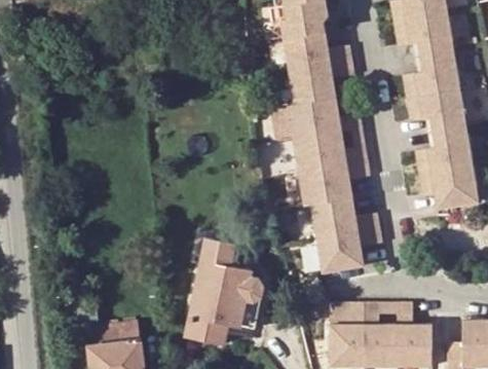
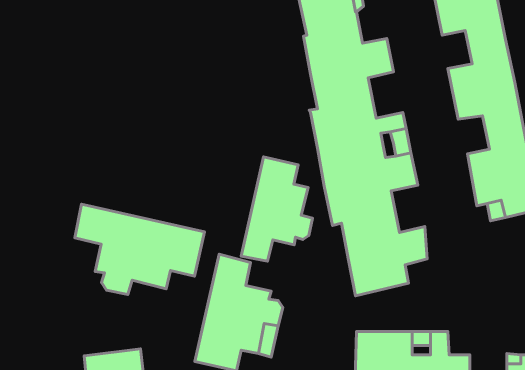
building: none -> [241,157,313,261]
building: none -> [75,204,205,294]

